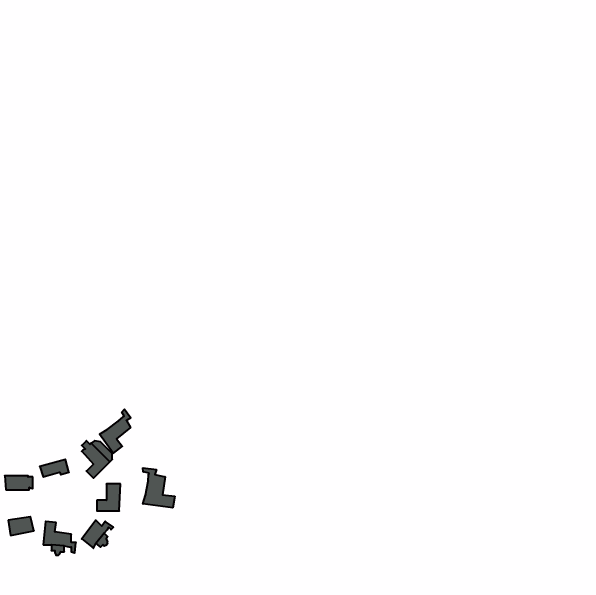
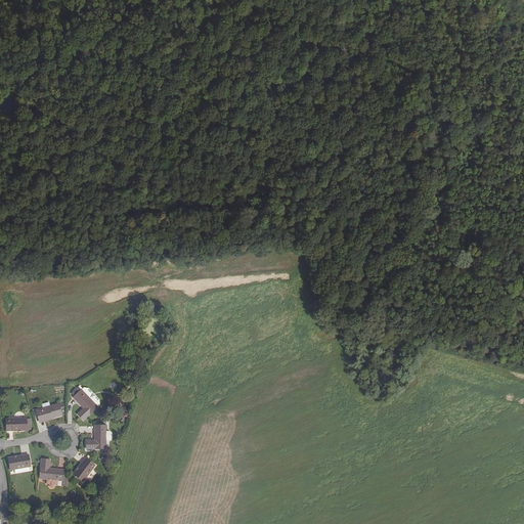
building: [100,409,131,453] -> none
building: [143,468,175,508] -> none

